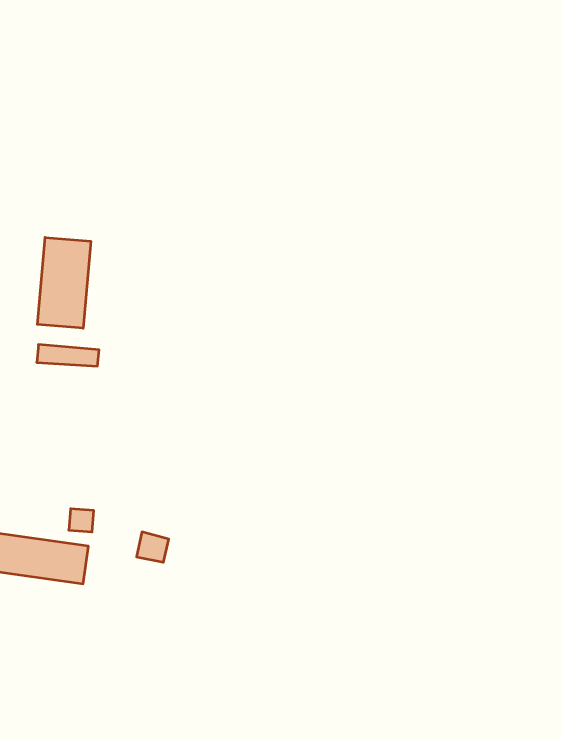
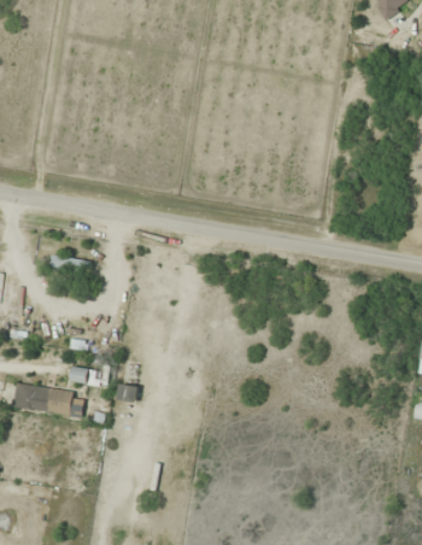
building: [37,237,91,328] -> none

